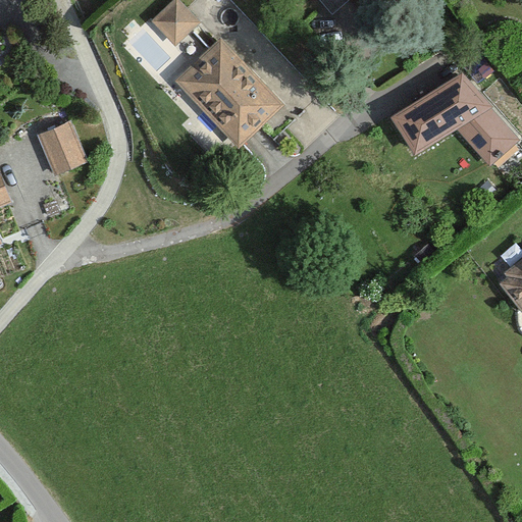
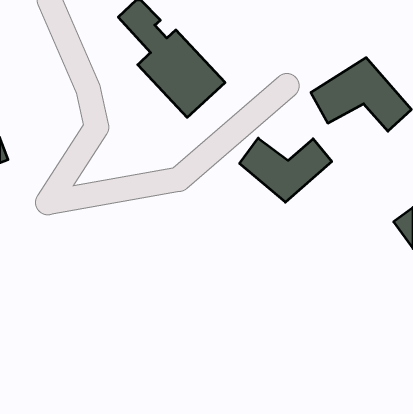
building: [39,120,87,173] -> none
building: none -> [240,138,332,202]

